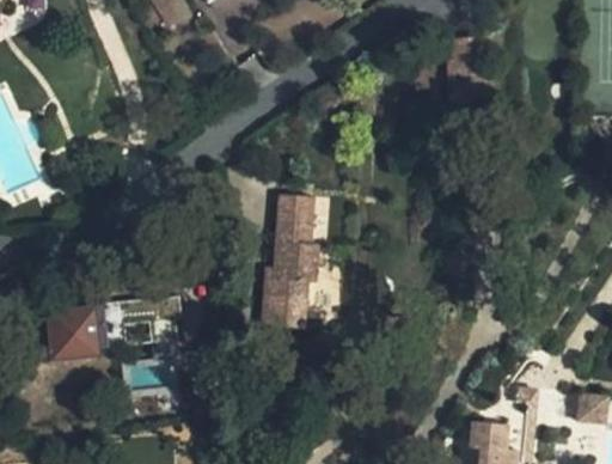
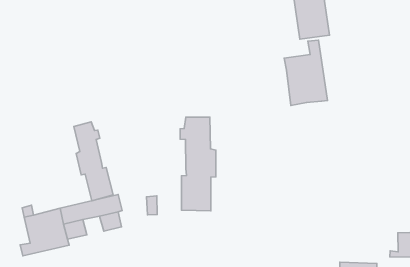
building: none -> [284,40,327,105]
building: none -> [74,122,113,201]

